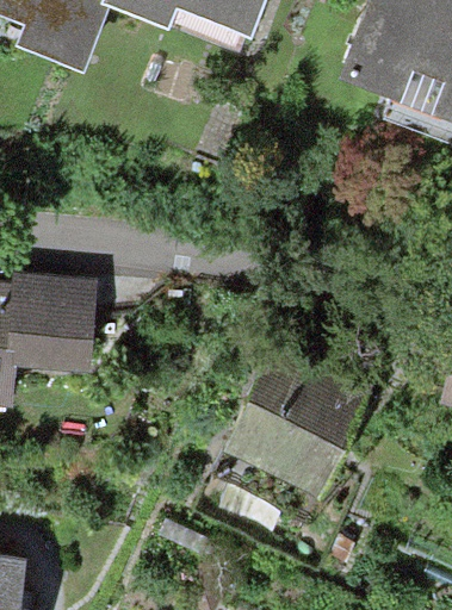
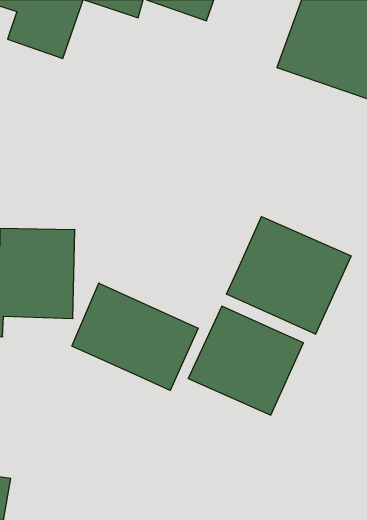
building: none -> [227,217,351,334]
building: none -> [72,283,198,390]

